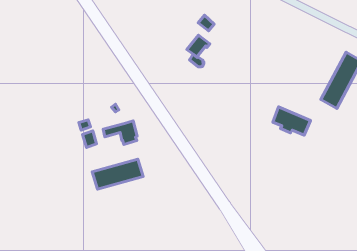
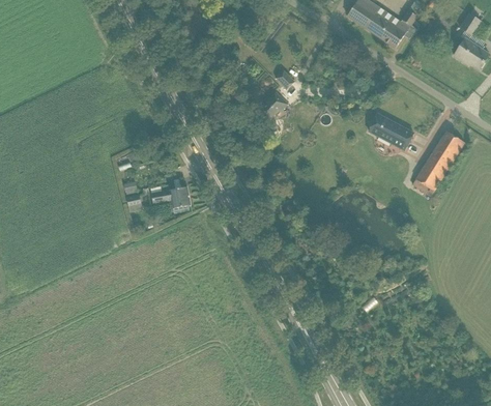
building: [273,107,310,135] -> [369,113,413,149]
building: [92,159,143,189] -> none

